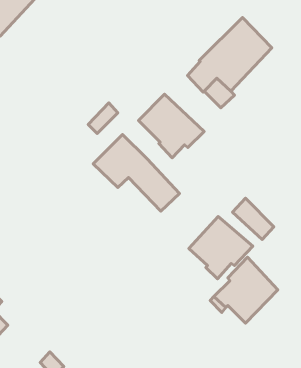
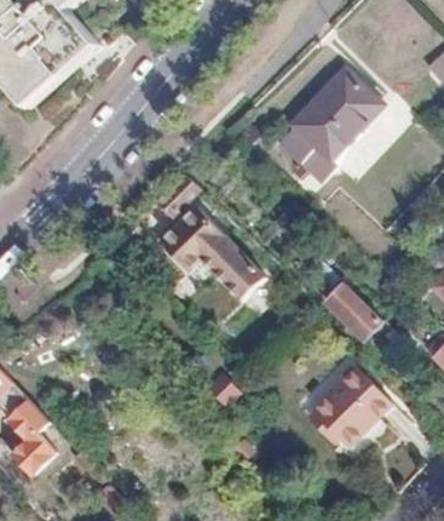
building: [138,94,204,158] -> none
building: [189,217,253,279] -> none

